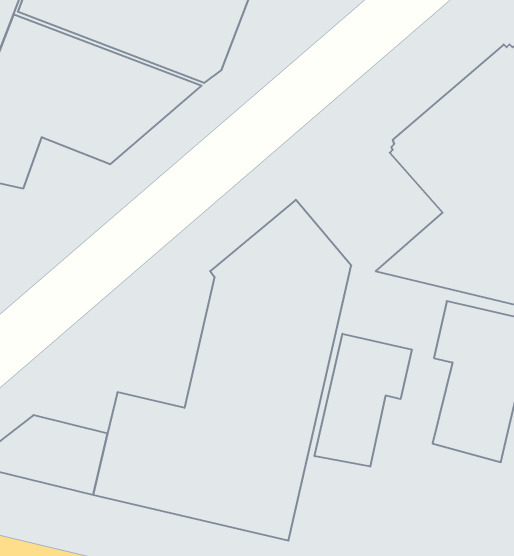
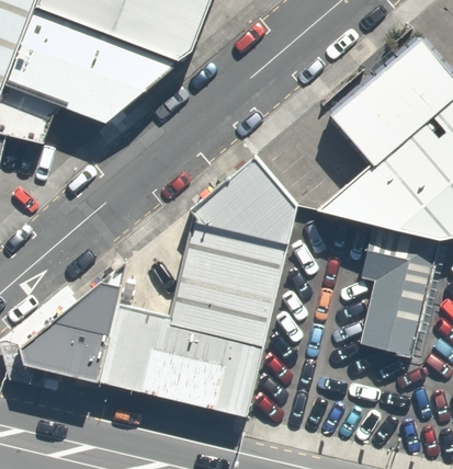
building: [315,334,412,467] -> none
building: none -> [53,281,122,334]

